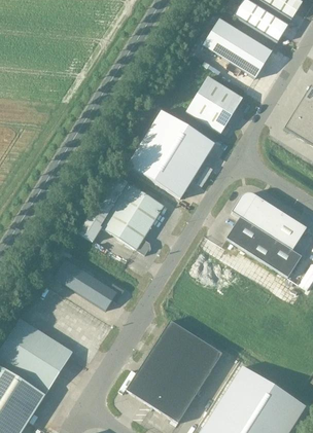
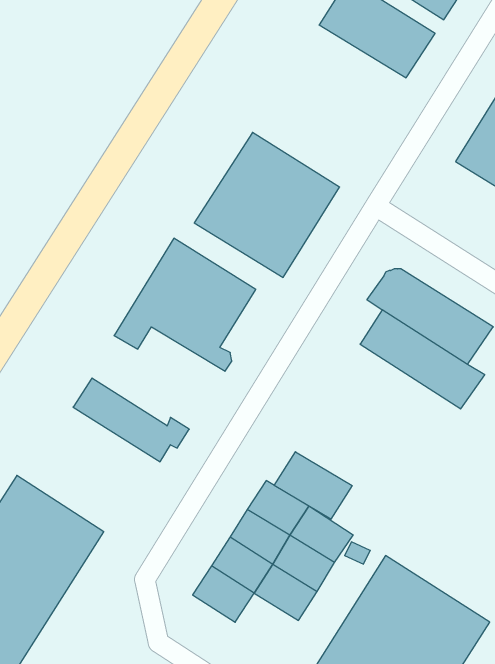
building: [186,76,243,133] -> none
building: none -> [274,452,352,519]
building: [151,388,189,422] -> none

